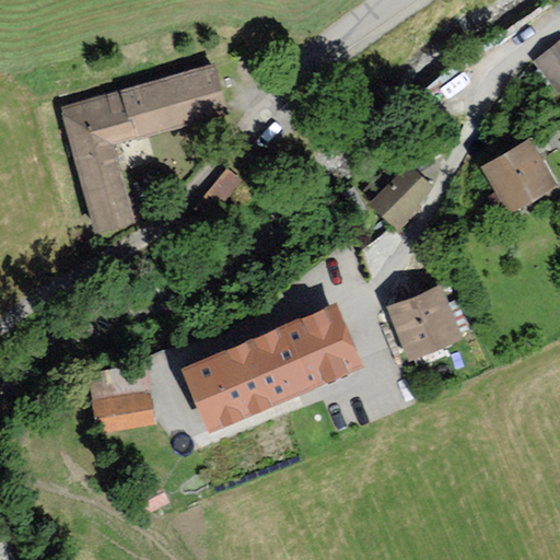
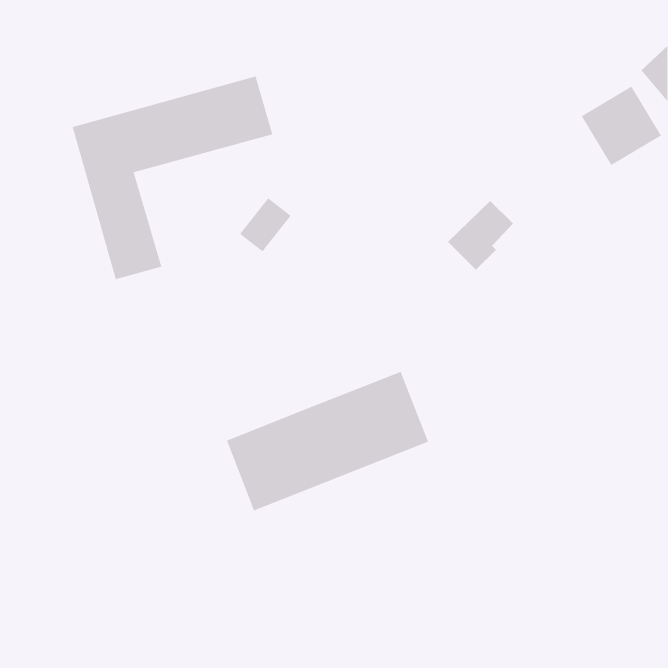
building: [486,143,553,210] -> [581,86,662,166]
building: [389,288,459,359] -> none
building: [92,366,150,432] -> none

